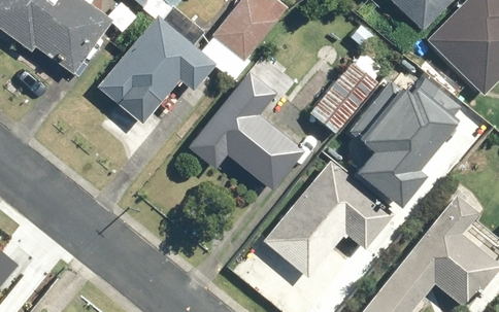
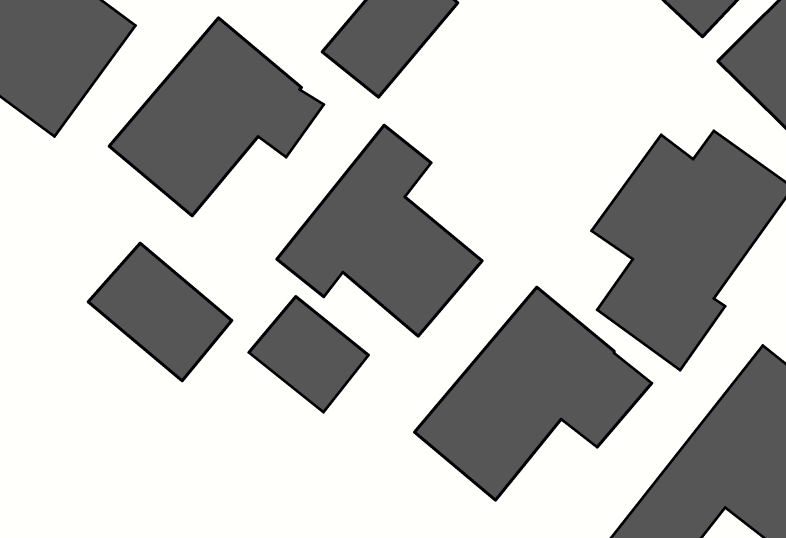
building: [311,62,376,129] -> none
building: none -> [88,243,232,381]
building: none -> [249,296,369,412]

